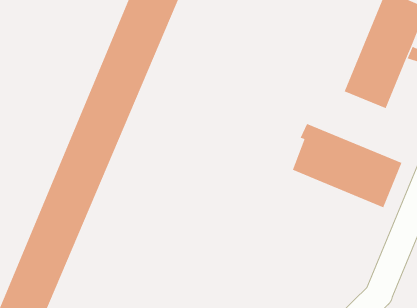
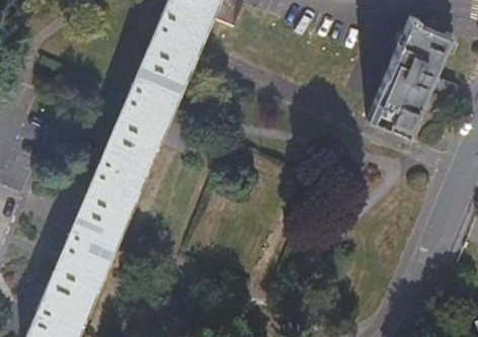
building: [292,123,402,208] -> none

